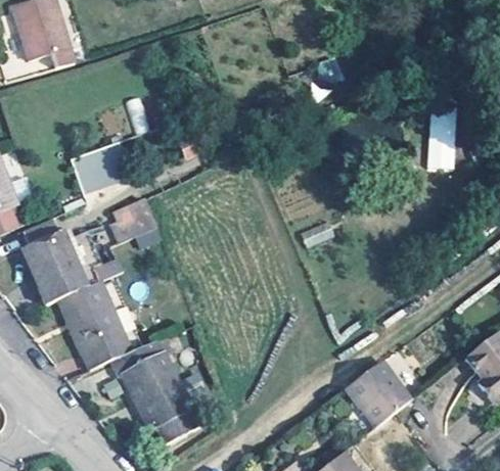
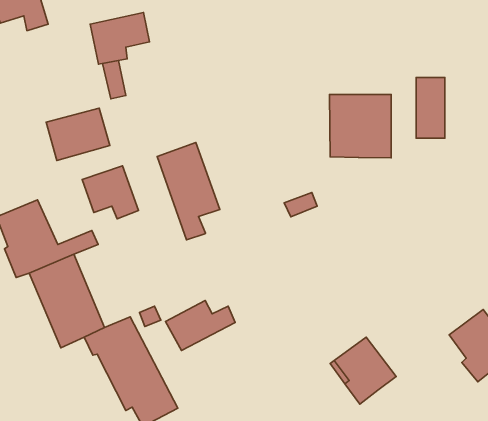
building: none -> [90,12,150,64]
building: none -> [330,95,391,158]
building: none -> [157,143,220,240]
building: none -> [166,301,235,351]

